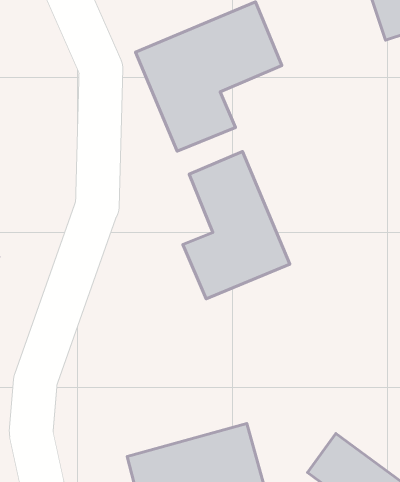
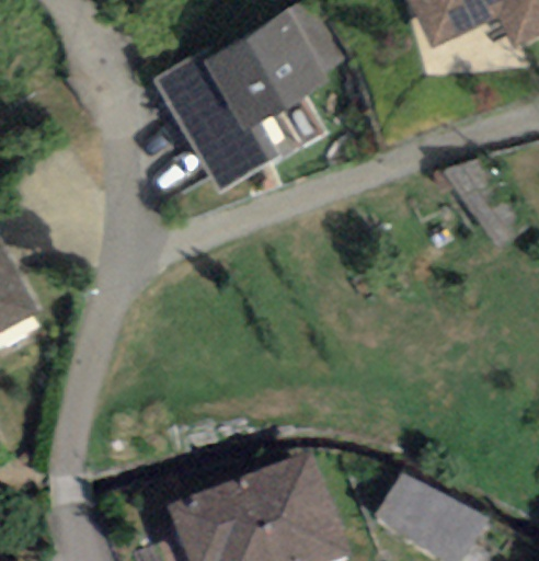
building: [183,151,290,299] -> none

